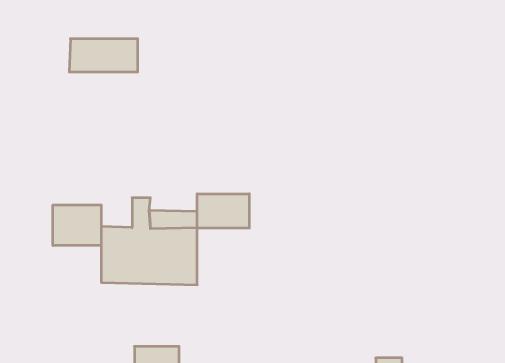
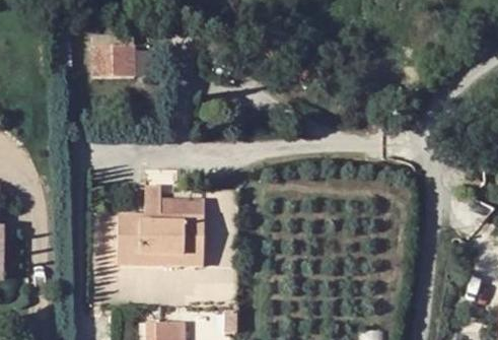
building: [197,194,249,228] -> none
building: [53,205,101,246] -> none

